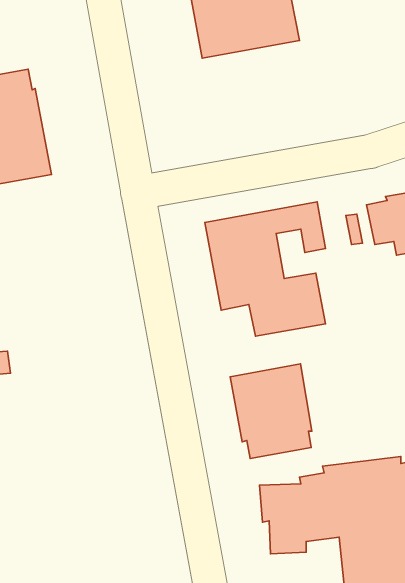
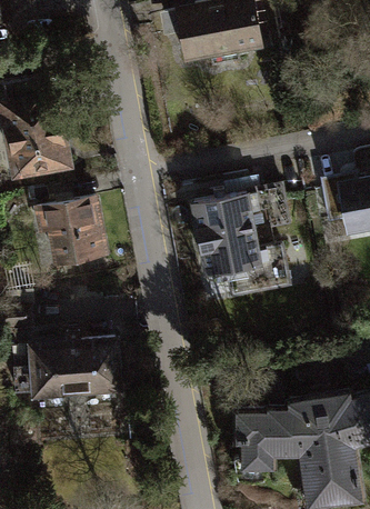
building: none -> [34,198,104,263]
building: [230,364,312,459] -> none
building: none -> [30,339,119,396]

